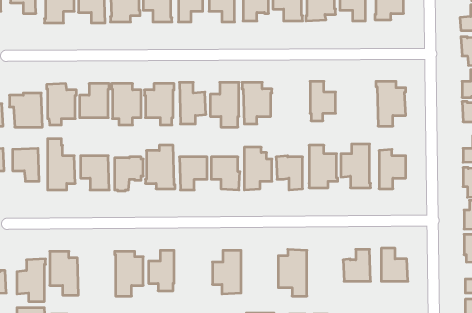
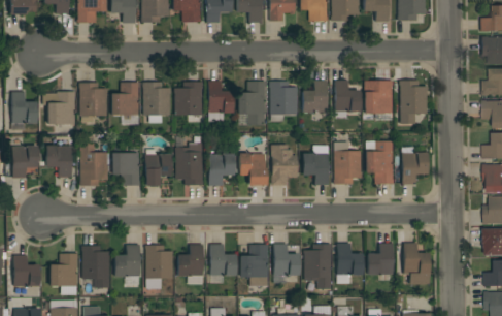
building: none -> [302,81,327,113]
building: none -> [364,82,394,114]
building: none -> [274,244,299,276]
building: none -> [337,244,363,275]
building: none -> [114,245,140,277]
building: none -> [210,245,236,276]

